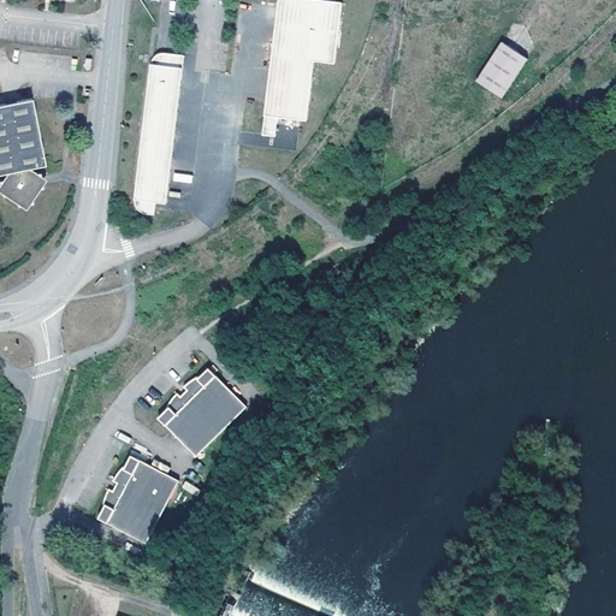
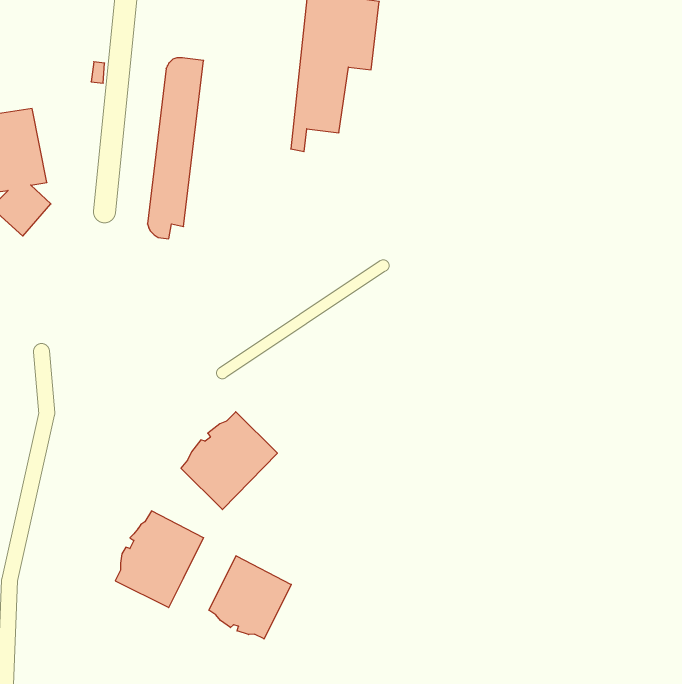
building: [469,43,522,100] -> none
building: none -> [209,556,291,639]

